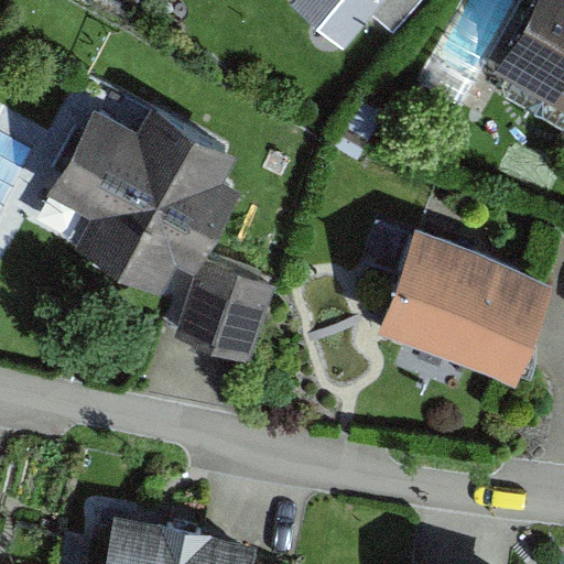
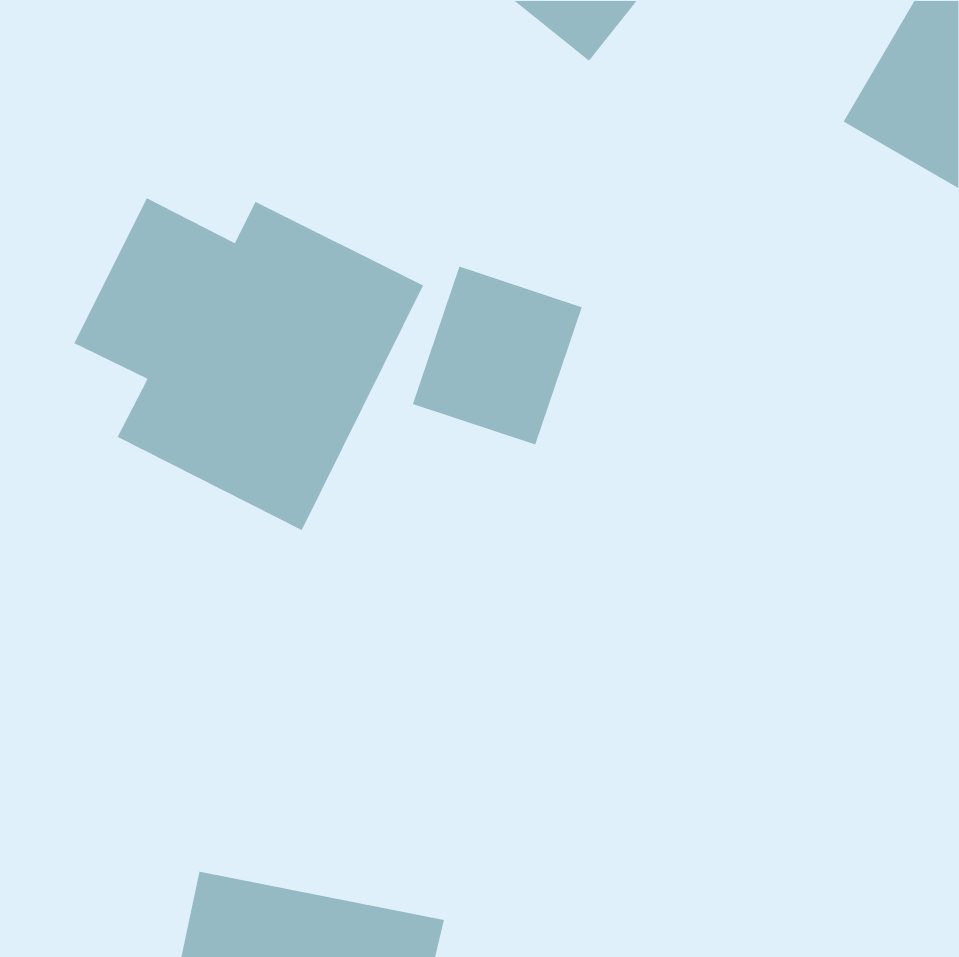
building: [389,230,547,364] -> none
building: [178,272,279,378] -> [412,266,583,446]

